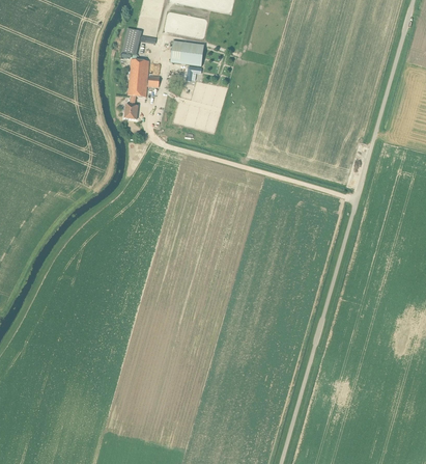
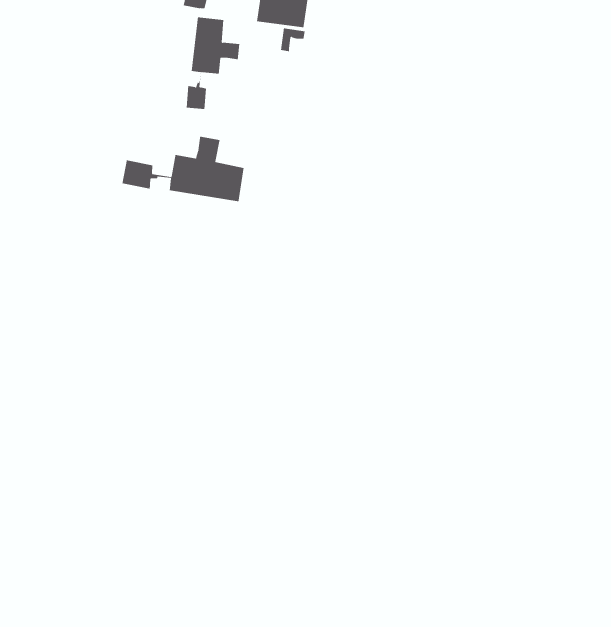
building: none -> [122,136,244,202]

